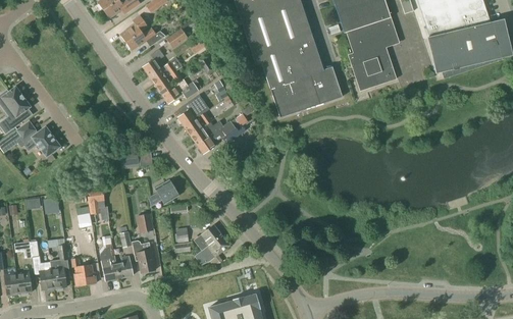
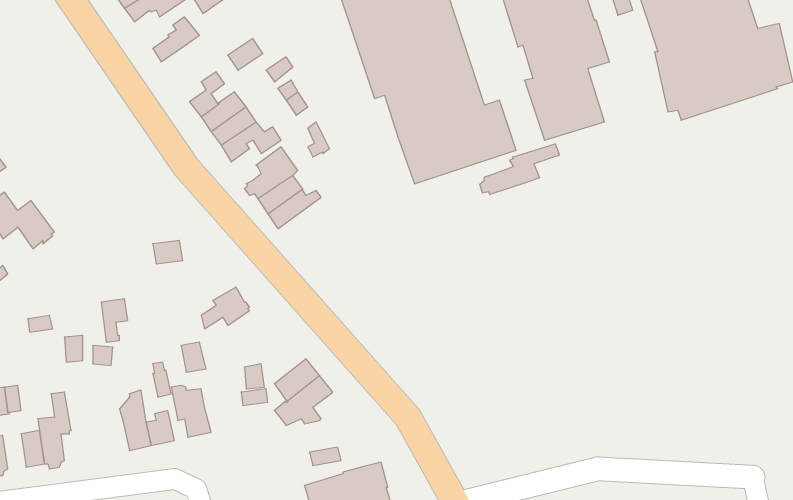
building: [124,28,160,51] -> none
building: none -> [480,144,559,195]
building: [196,121,239,154] -> none
building: [70,258,95,285] -> none

